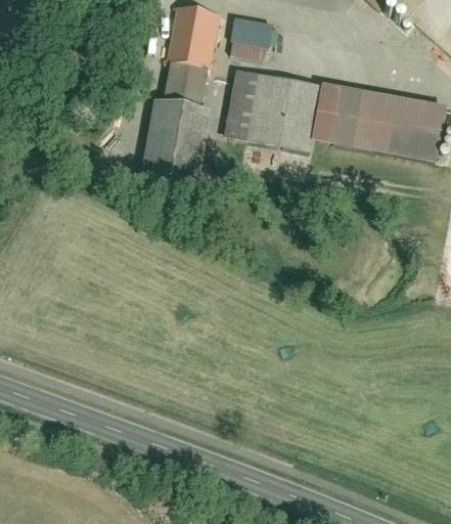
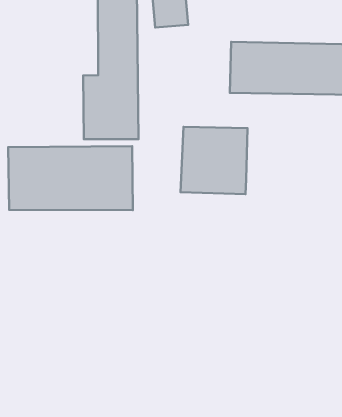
building: [230,71,314,155] -> [181,127,247,194]
building: none -> [8,146,133,210]

